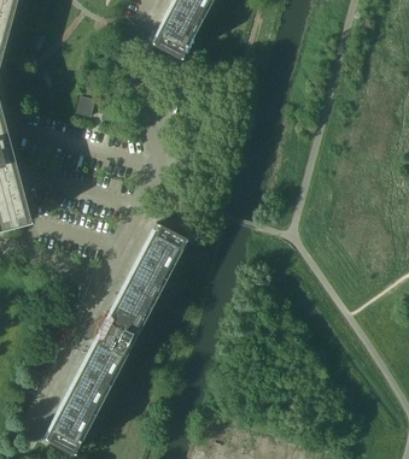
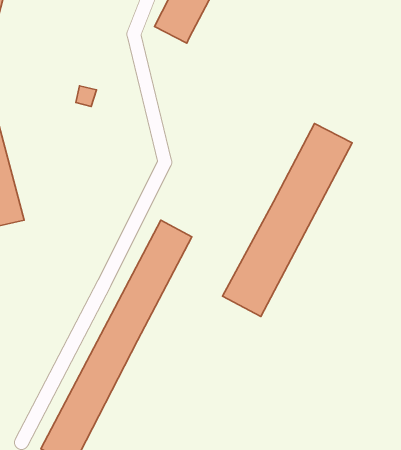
building: none -> [222,124,352,317]

